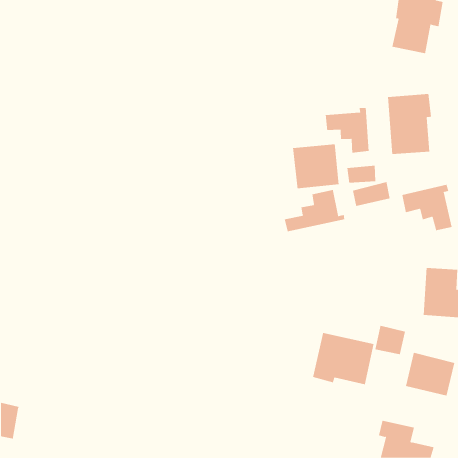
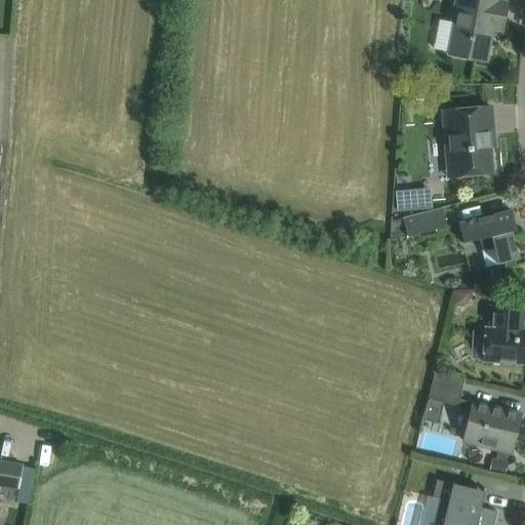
building: [325,107,369,153] -> none
building: [292,144,339,189] -> none
building: [284,189,345,232] -> none
building: [312,332,374,385] -> none

